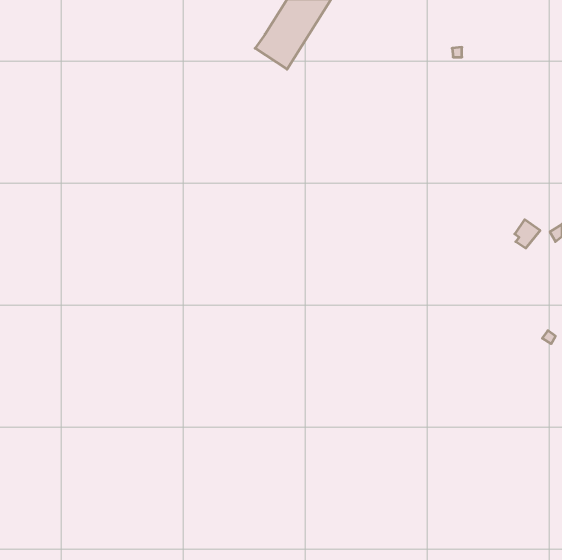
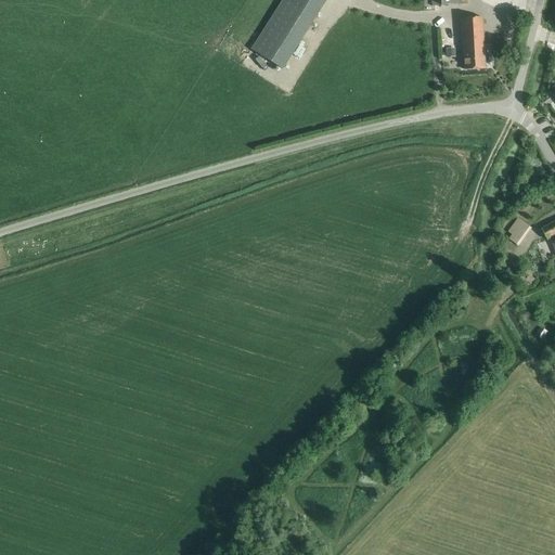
building: none -> [460,16,486,69]

